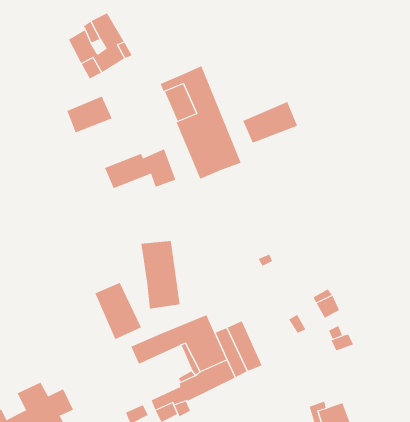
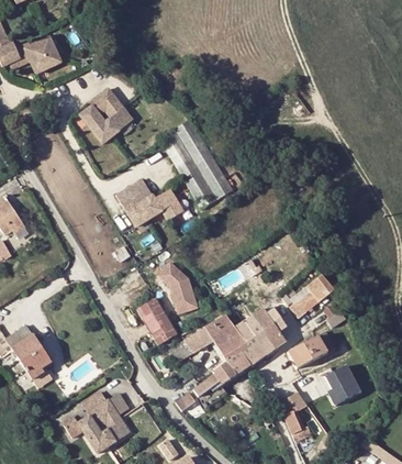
building: [66,96,112,133] -> [115,178,153,211]
building: [243,101,298,144] -> none
building: none -> [254,308,284,346]
building: none -> [287,331,334,367]

